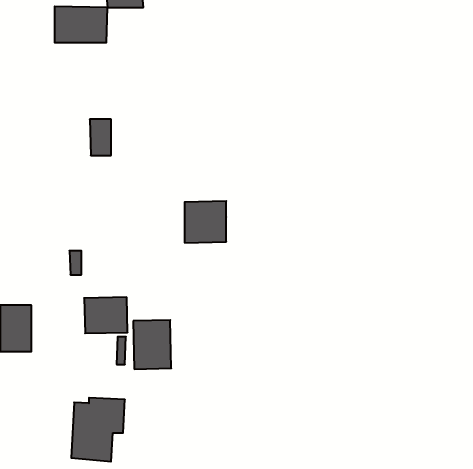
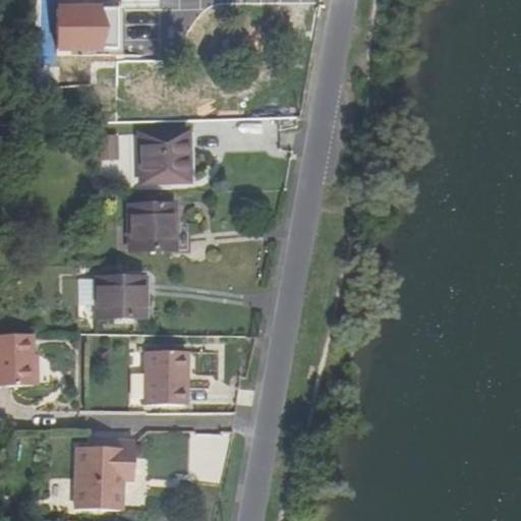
building: none -> [138,131,187,181]
building: [185,201,226,243] -> [128,202,174,248]
building: [84,297,128,333] -> [96,277,143,316]

